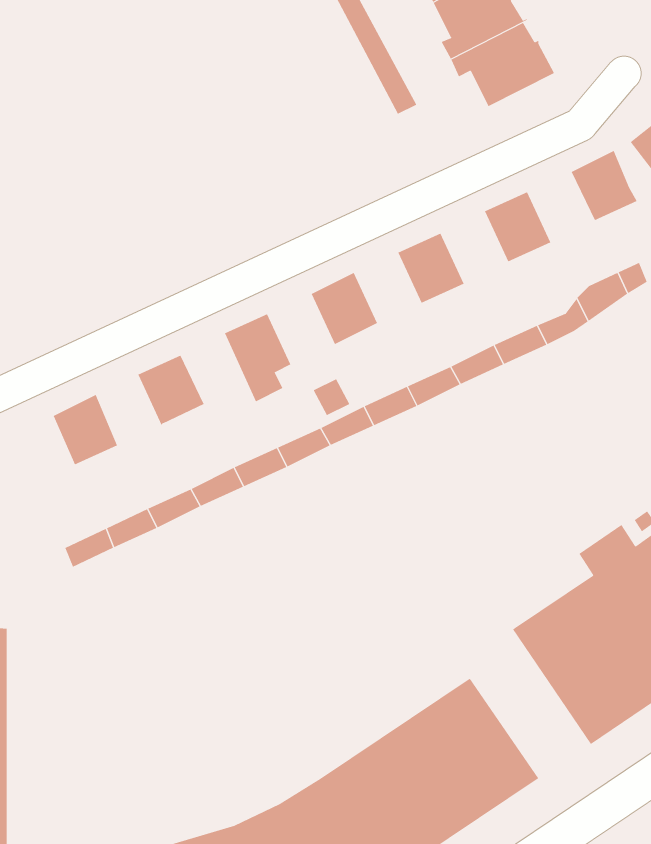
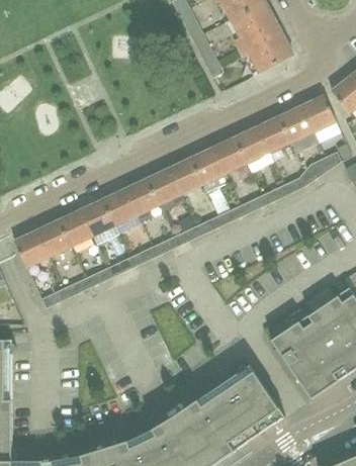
building: none -> [279,106,314,143]
building: none -> [235,126,269,164]
building: none -> [190,148,230,194]
building: none -> [146,169,184,212]
building: none -> [101,189,140,235]
building: none -> [58,210,91,247]
building: none -> [13,231,47,267]

